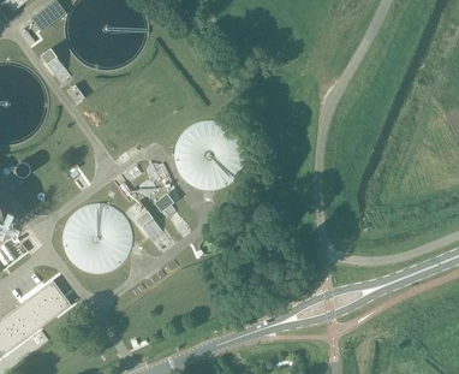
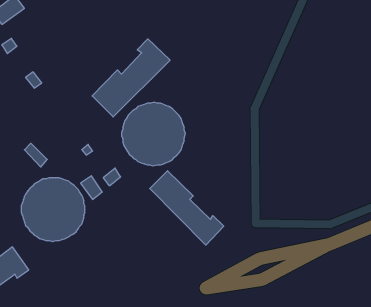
building: none -> [92,39,170,117]
building: none -> [150,171,224,245]

